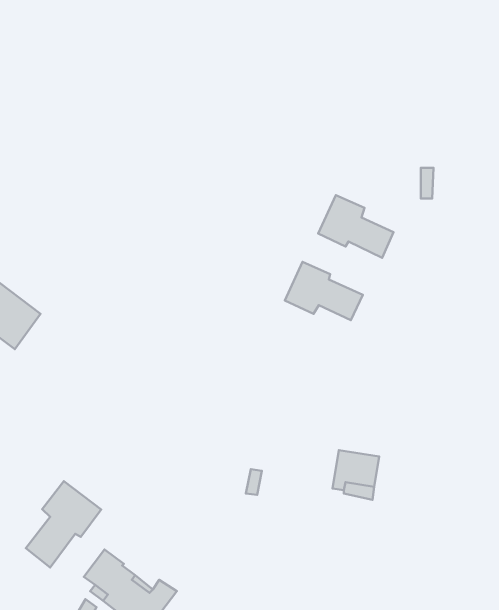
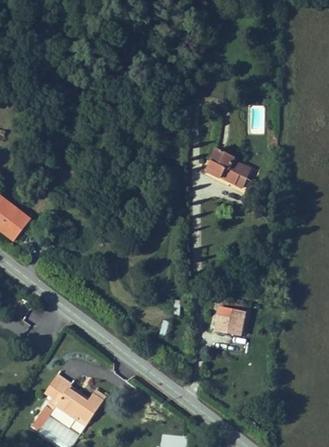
building: [285,262,363,320] -> none
building: [26,481,101,567] -> none

